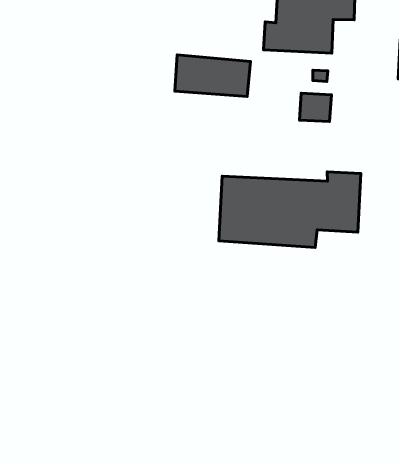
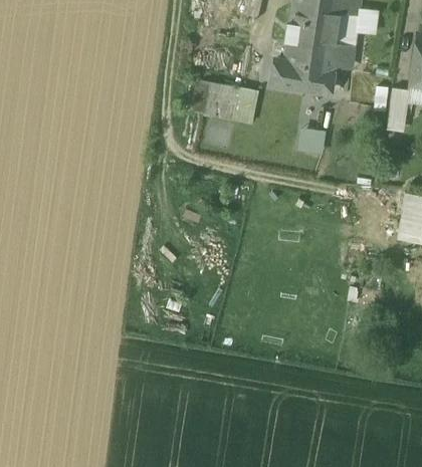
building: [219,172,361,248] -> none

